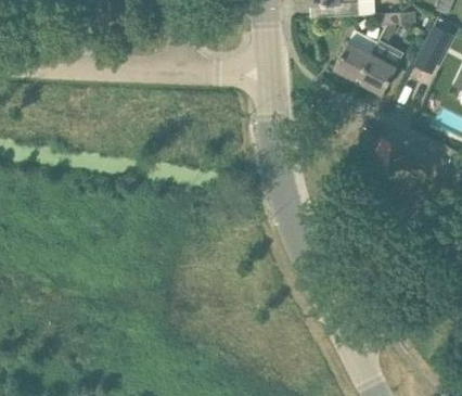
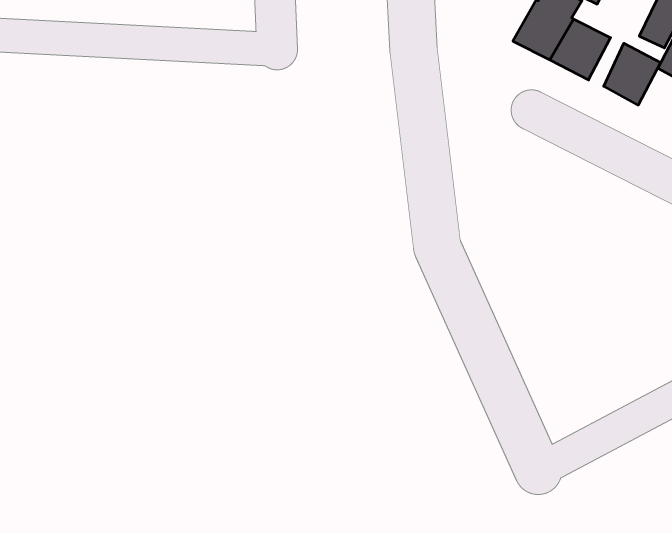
building: none -> [604,43,661,105]

